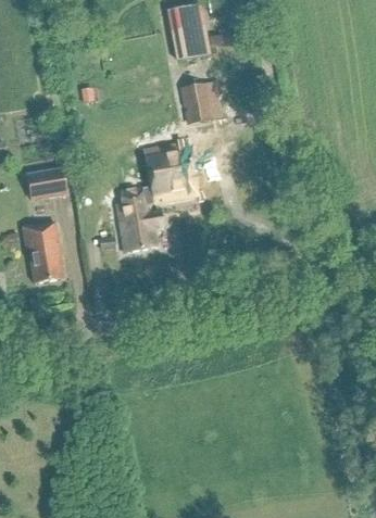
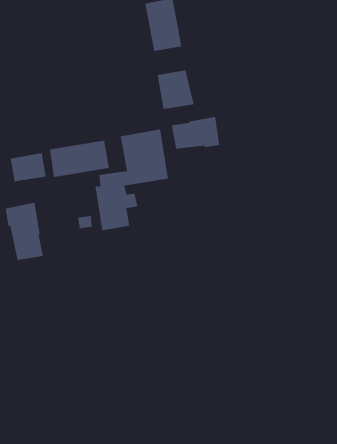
building: none -> [171,116,220,150]
building: none -> [50,140,110,178]

